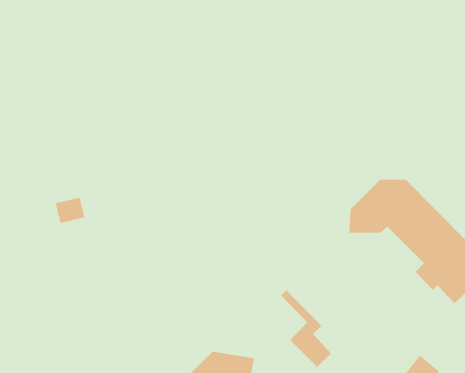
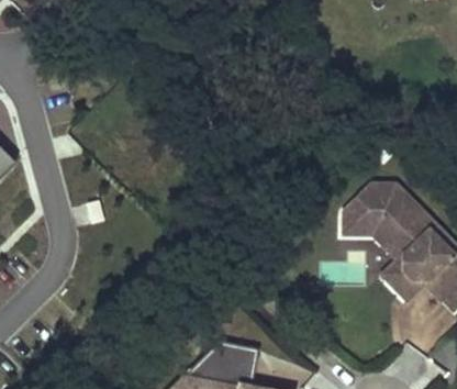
building: [280,290,332,368] -> [372,229,420,300]

